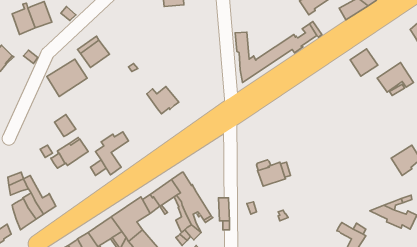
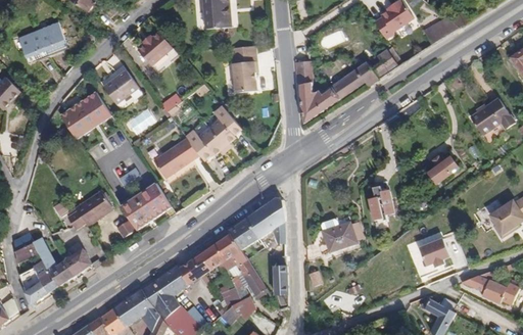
building: none -> [137,32,172,66]
building: none -> [230,46,256,92]
building: [350,49,378,76] -> none
building: none -> [208,106,240,147]
building: none -> [152,138,198,178]
building: none -> [428,156,458,184]
building: [54,114,76,136] -> none
building: none -> [369,186,393,221]
building: none -> [227,197,285,250]
building: none -> [421,237,451,267]
building: none -> [64,249,91,276]

